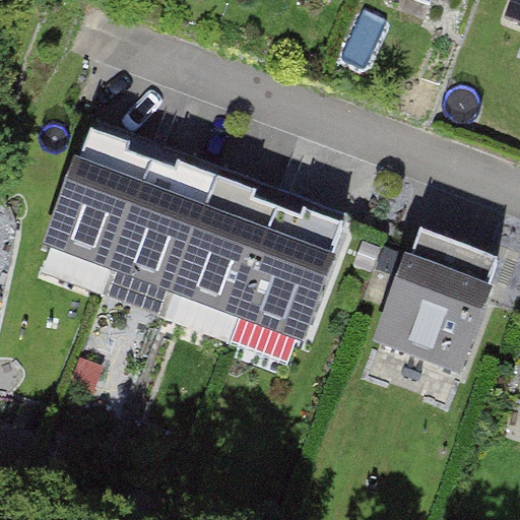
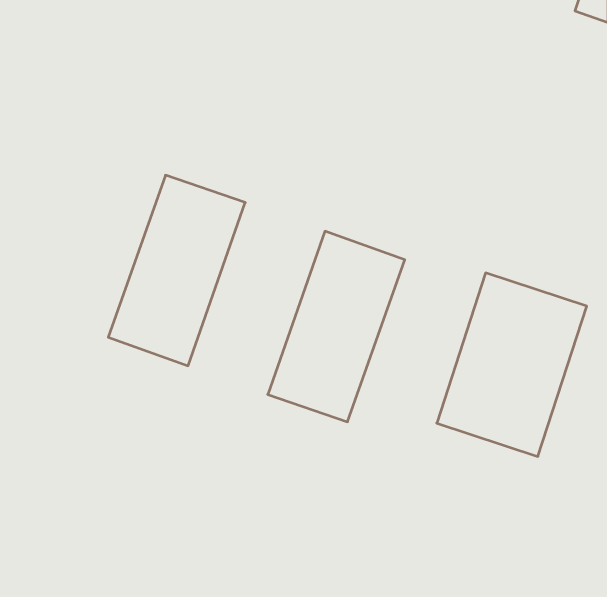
building: [25,125,142,287] -> none
building: [161,173,278,336] -> none

